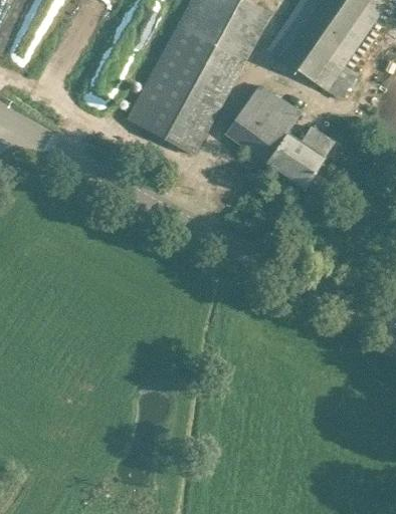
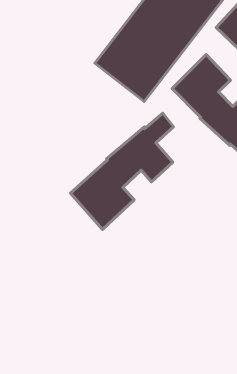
building: none -> [70,113,173,230]

